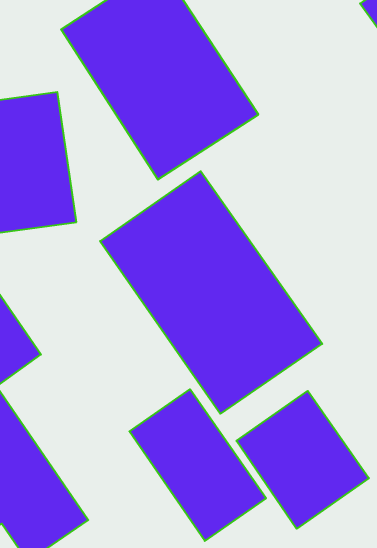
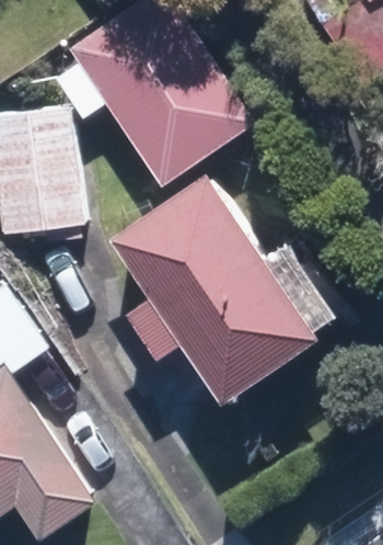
building: [129,389,266,541] -> none
building: [236,391,369,529] -> none

